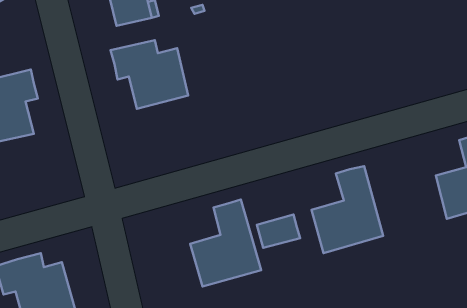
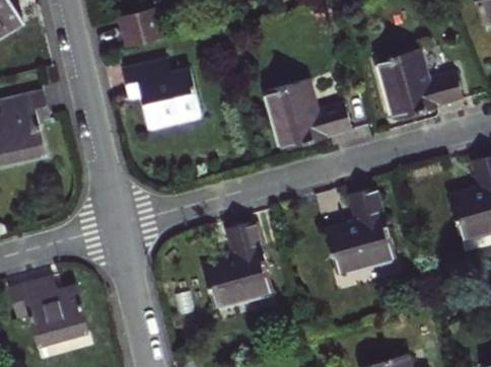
building: none -> [377,50,464,120]
building: none -> [264,81,352,151]
building: [257,214,300,248] -> none

